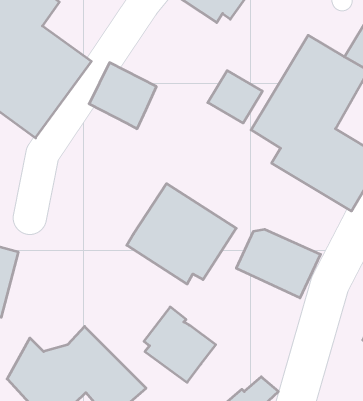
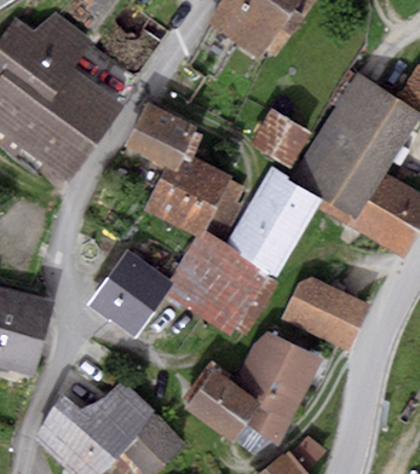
building: none -> [144,151,246,235]
building: none -> [228,169,320,273]
building: none -> [86,249,172,337]
building: none -> [231,330,323,444]

